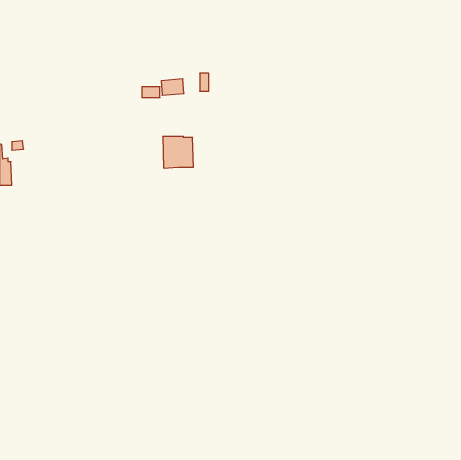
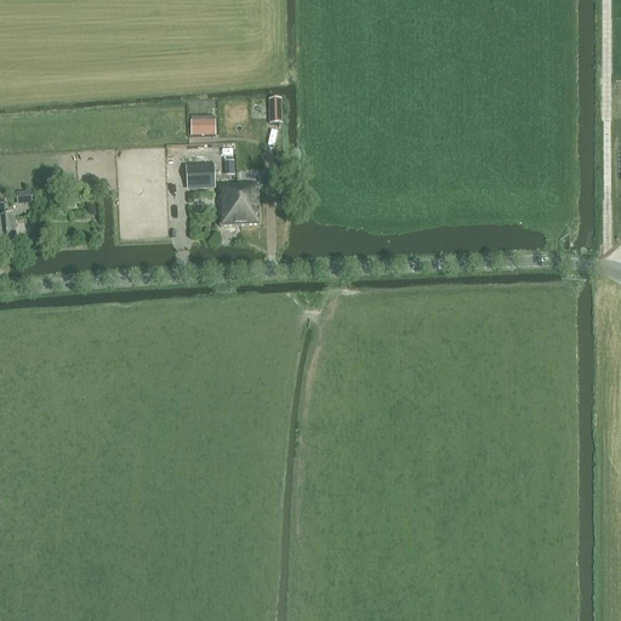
building: [161,79,184,95] -> [184,164,215,186]

